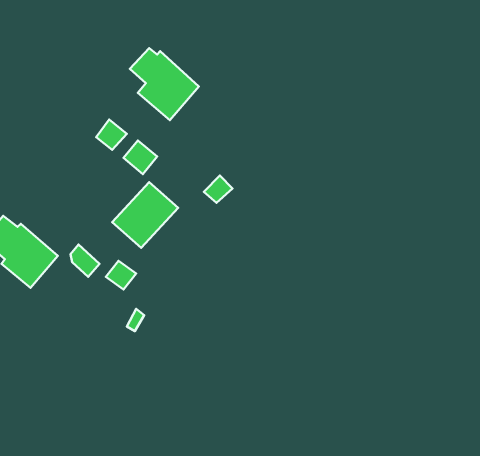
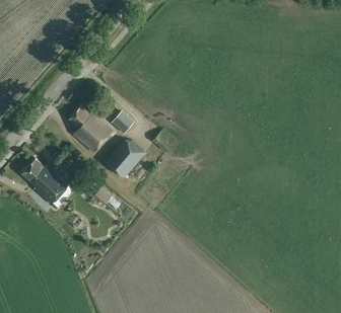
building: [130,48,199,120] -> [68,106,112,152]

